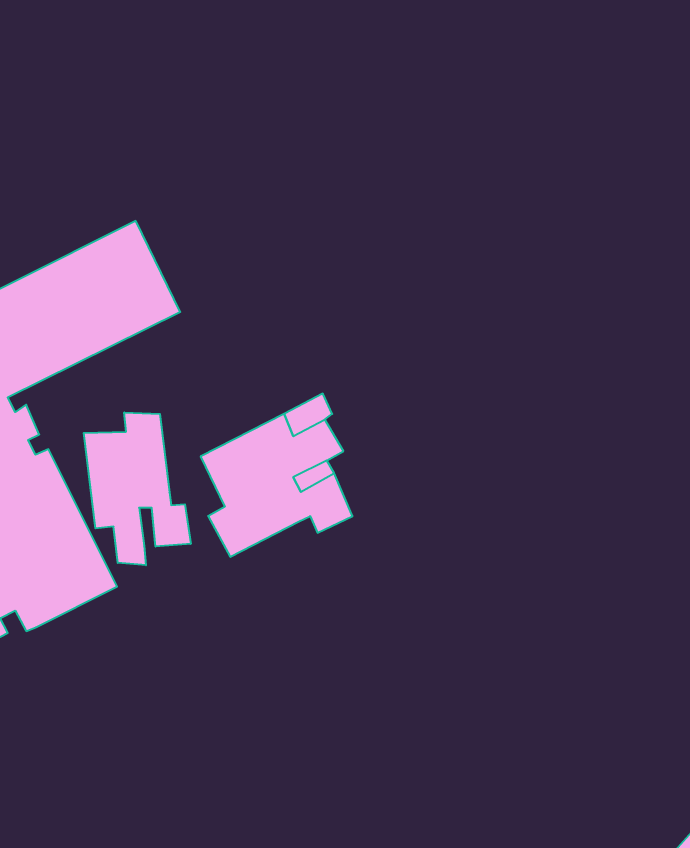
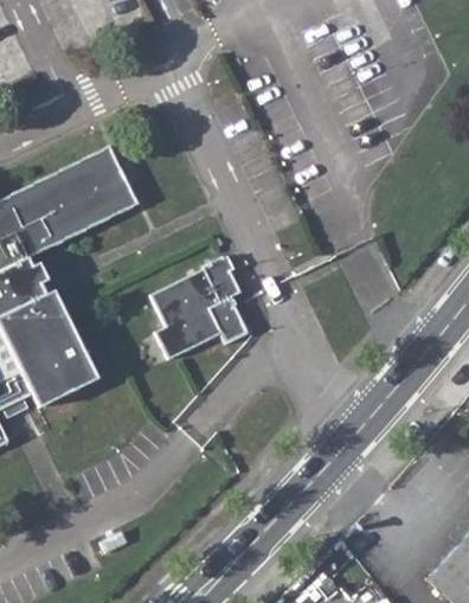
building: [84,412,191,565] -> none

